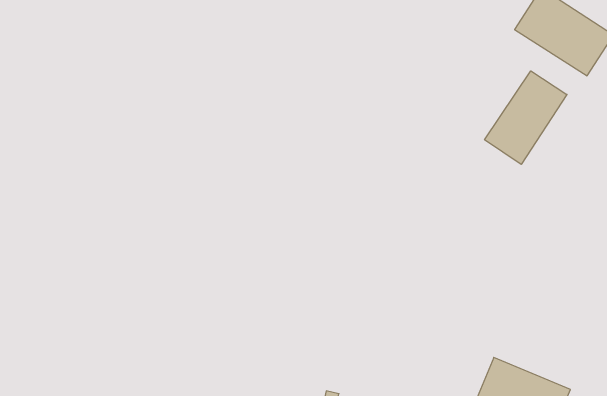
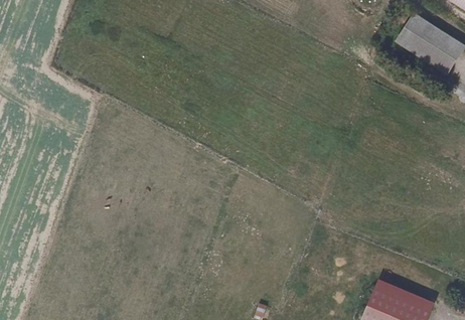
building: [485,71,567,164] -> none

